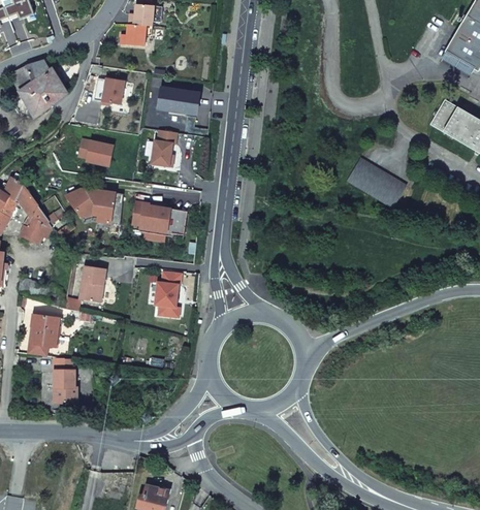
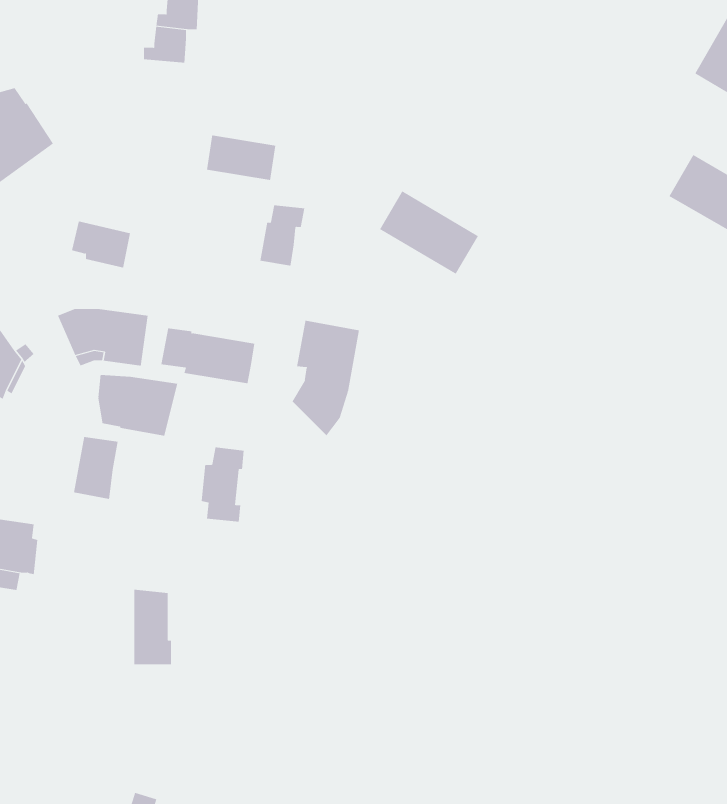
building: [93,77,124,104] -> none
building: [150,130,177,166] -> [260,205,305,266]
building: [347,158,406,208] -> [379,190,479,275]
building: none -> [292,320,360,436]
building: none -> [98,374,178,437]
building: [54,357,76,402] -> [133,589,172,665]

